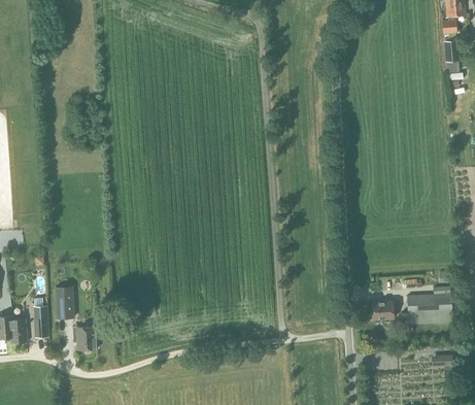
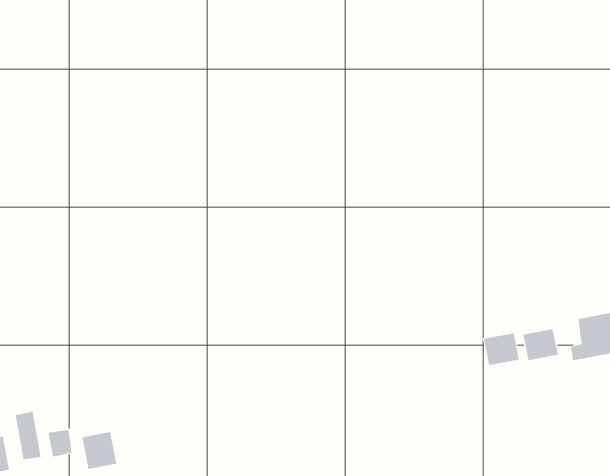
building: [54,283,74,314] -> none
building: none -> [484,332,520,366]

